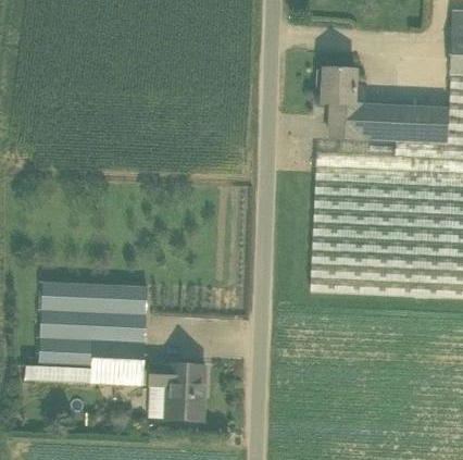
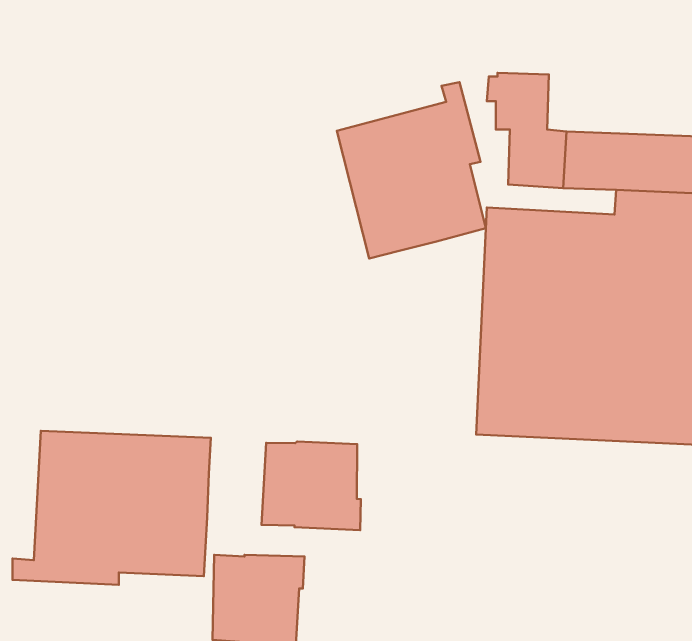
building: none -> [337,82,486,259]
building: none -> [262,442,361,530]

